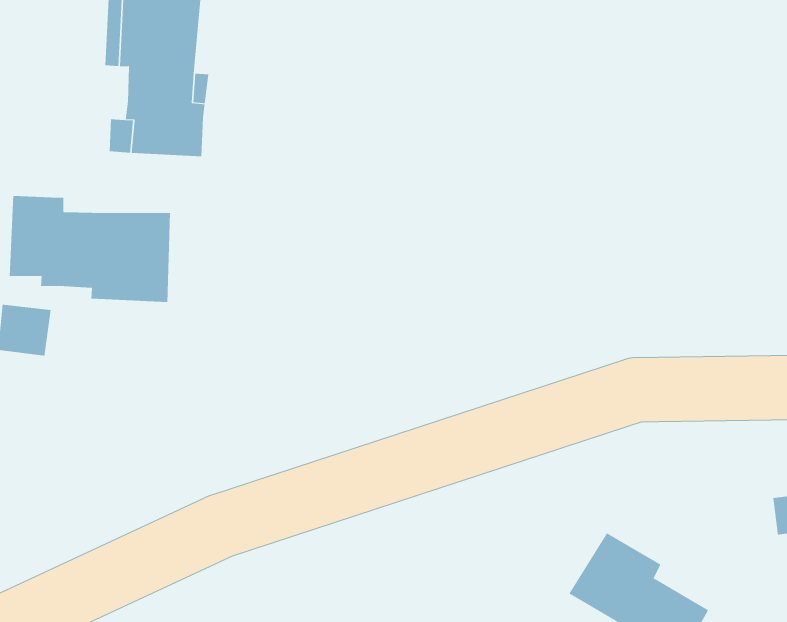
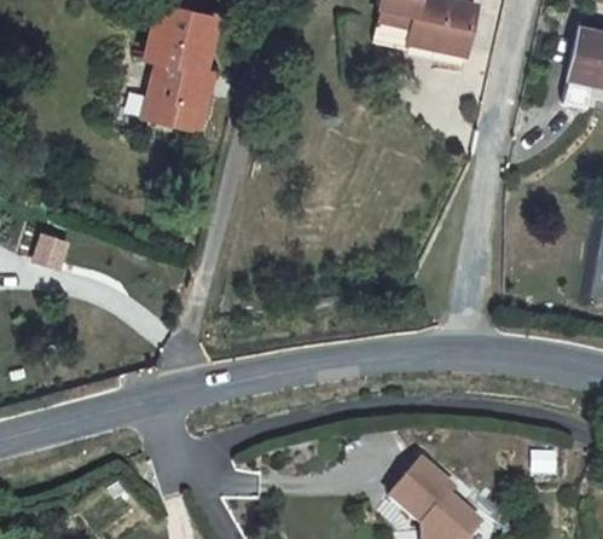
building: [9,195,170,303] -> none

